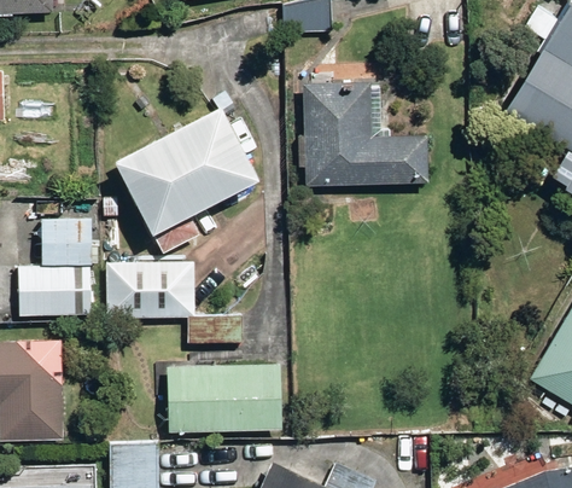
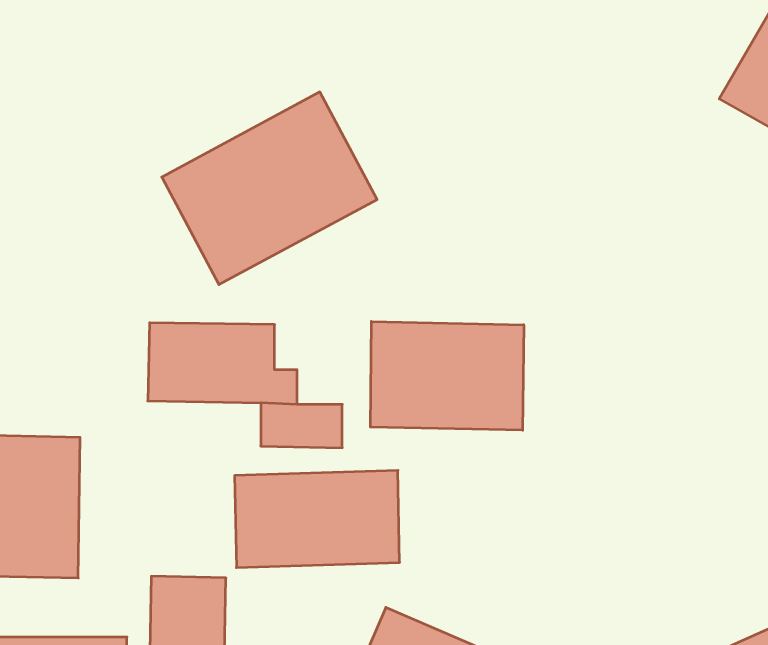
building: [297,81,427,188] -> none
building: [16,239,100,318] -> none
building: none -> [370,321,524,430]

